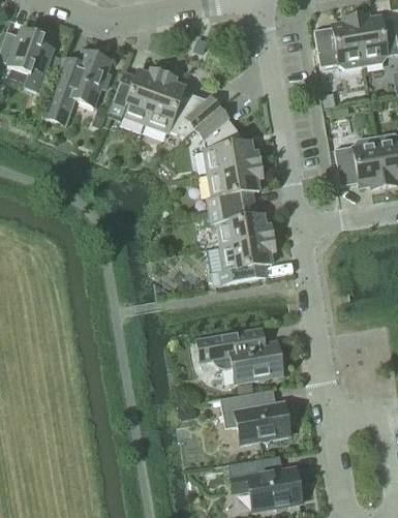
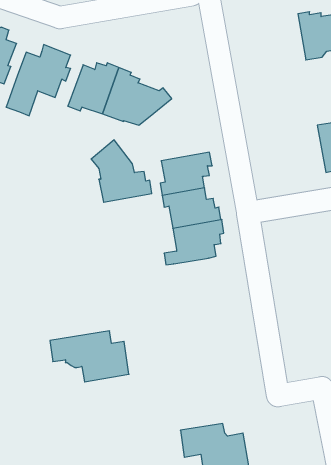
building: [314,16,364,68] -> none
building: [195,106,261,174] -> [91,140,152,202]
building: [335,135,386,188] -> none
building: [198,328,283,383] -> [50,331,129,382]
building: [221,390,290,446] -> none

